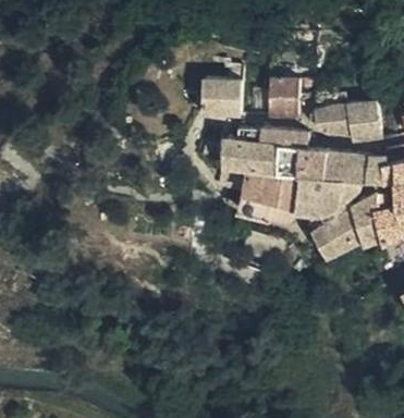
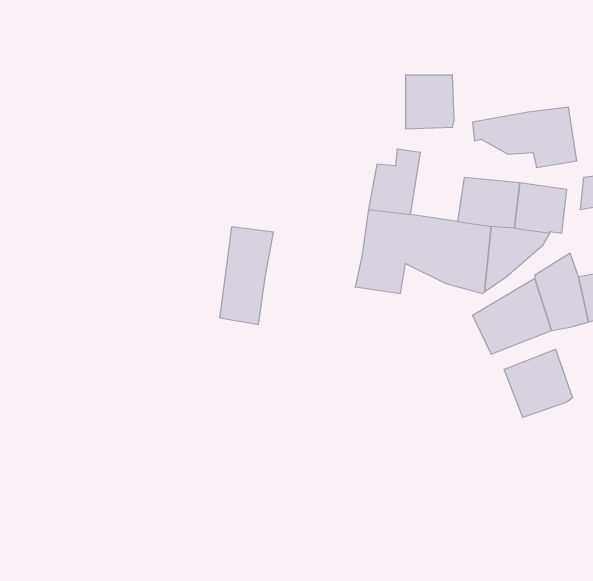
building: [209,83,247,116] -> none
building: [279,131,315,175] -> none
building: [222,135,257,198] -> [220,227,274,325]
building: none -> [504,349,573,417]

